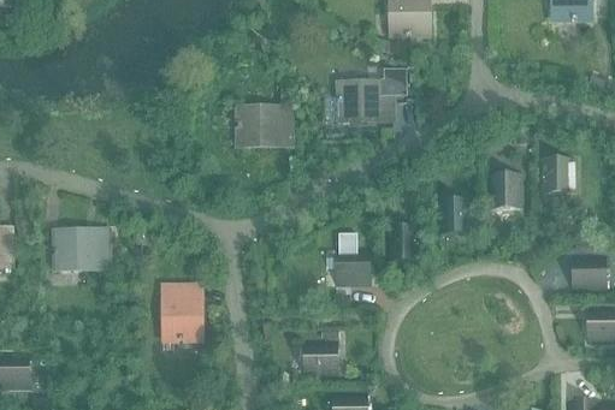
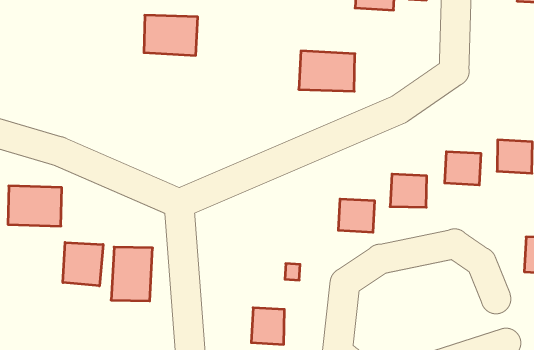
building: [237,106,290,144] -> [144,15,198,55]
building: [336,233,368,283] -> none
building: none -> [63,242,103,286]

